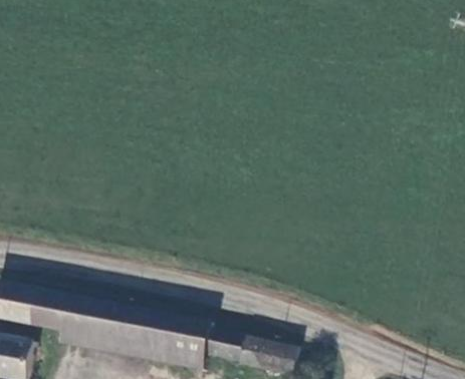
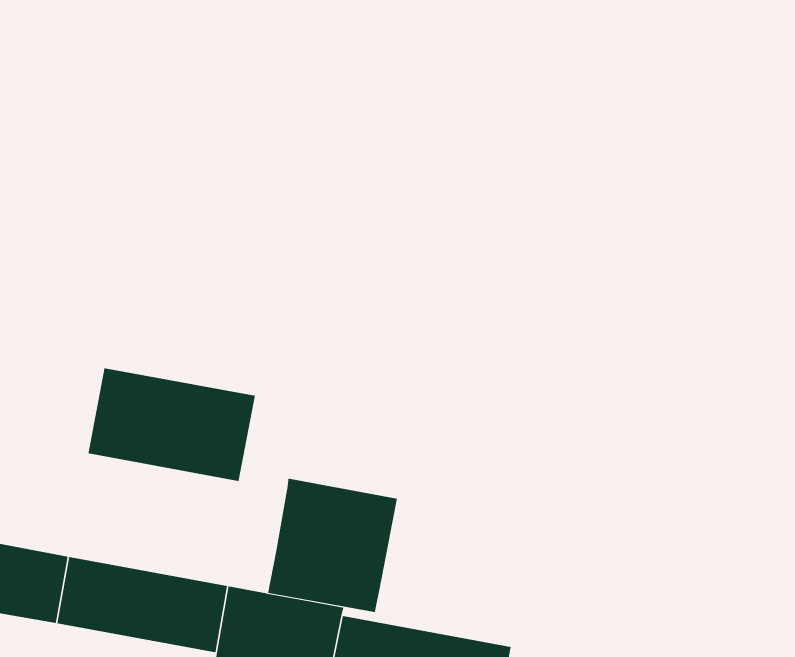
building: none -> [88,367,255,482]
building: none -> [268,478,397,613]

